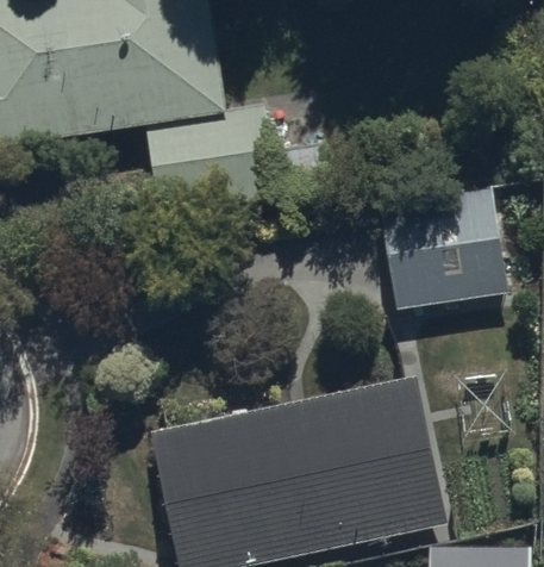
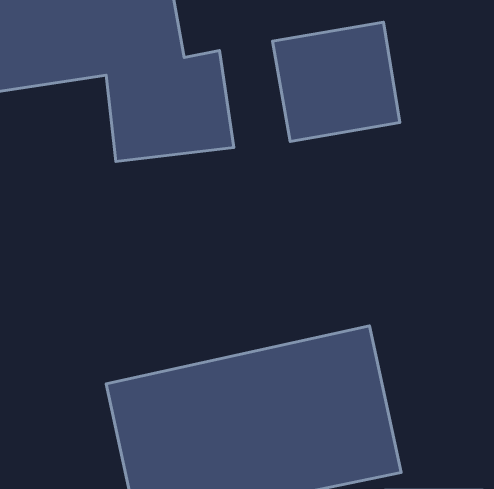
building: [380,189,508,310] -> [273,22,400,141]

